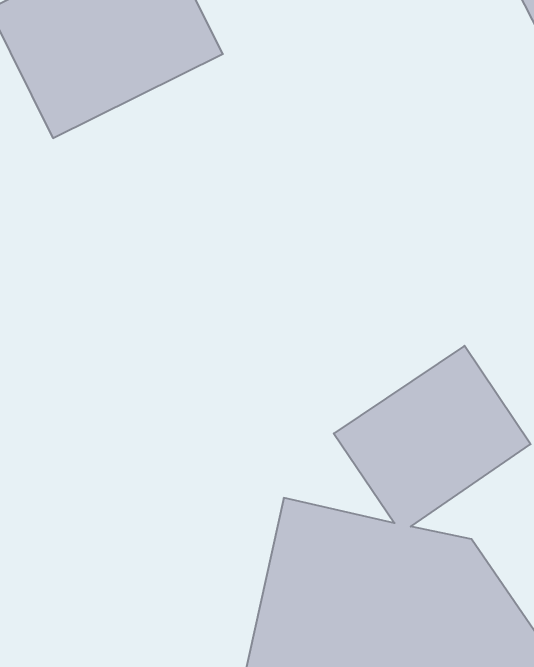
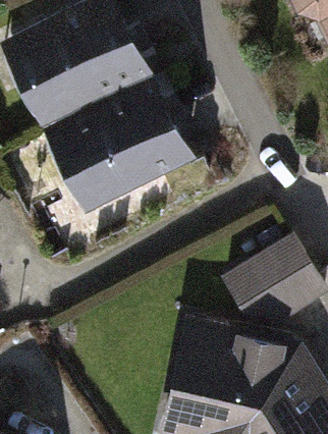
building: none -> [58,82,190,202]

